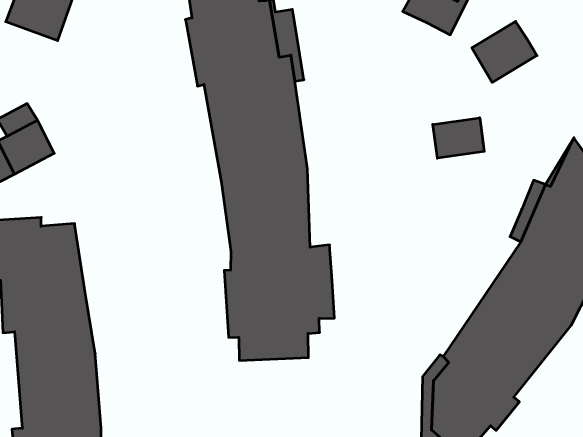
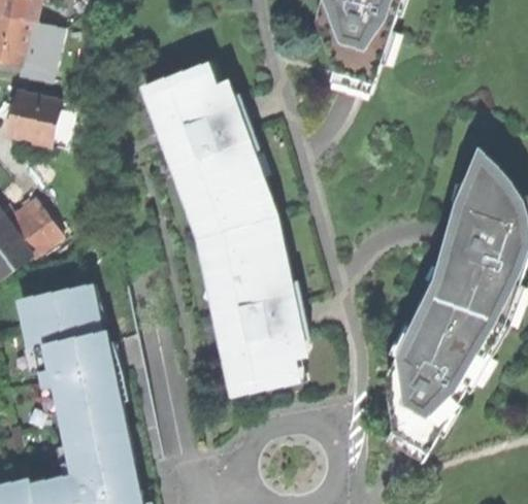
building: [472,21,537,82] -> none
building: [433,118,484,158] -> none

